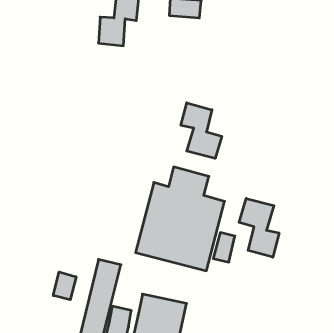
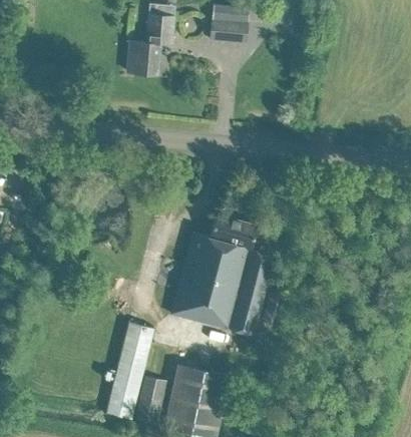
building: [181,103,222,158] -> none
building: [239,198,279,257] -> none
building: [53,272,76,300] -> none

